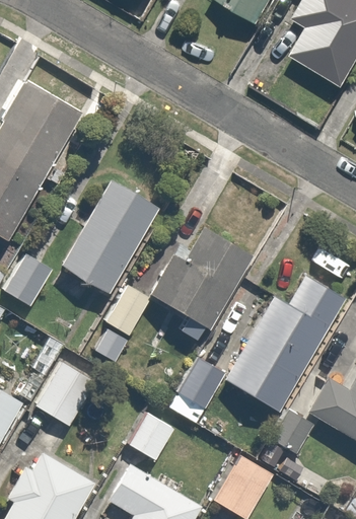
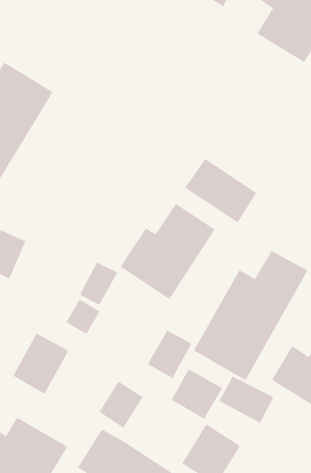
building: none -> [184,158,257,223]
building: [60,187,154,295] -> none
building: none -> [171,368,223,419]

